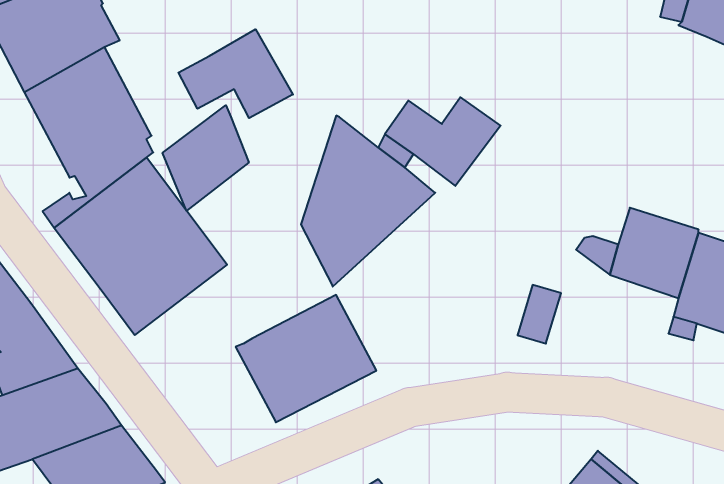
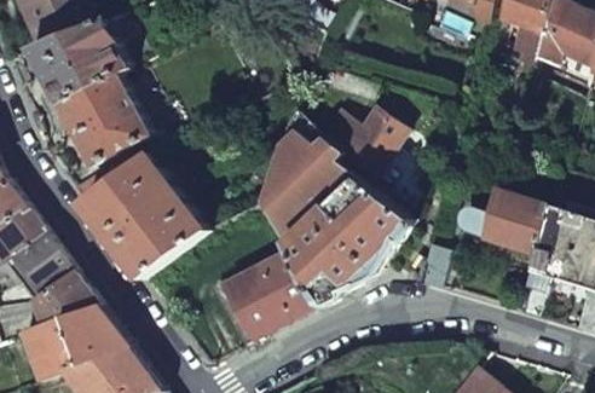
building: [178,29,293,118] -> none
building: [163,105,249,211] -> none
building: none -> [283,178,411,306]

